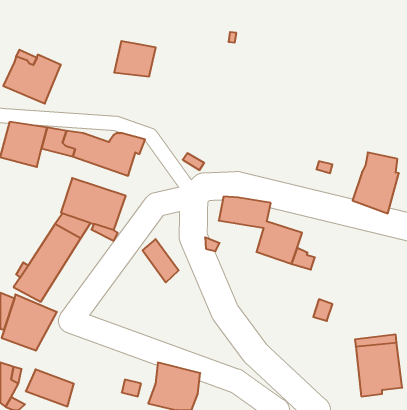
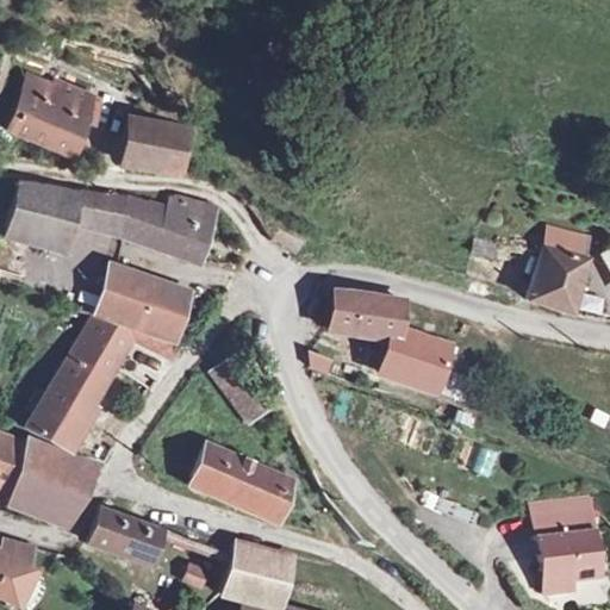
building: [114,41,156,76] -> [129,119,191,172]
building: none -> [189,443,287,518]
building: [26,369,74,406] -> [87,509,158,564]

